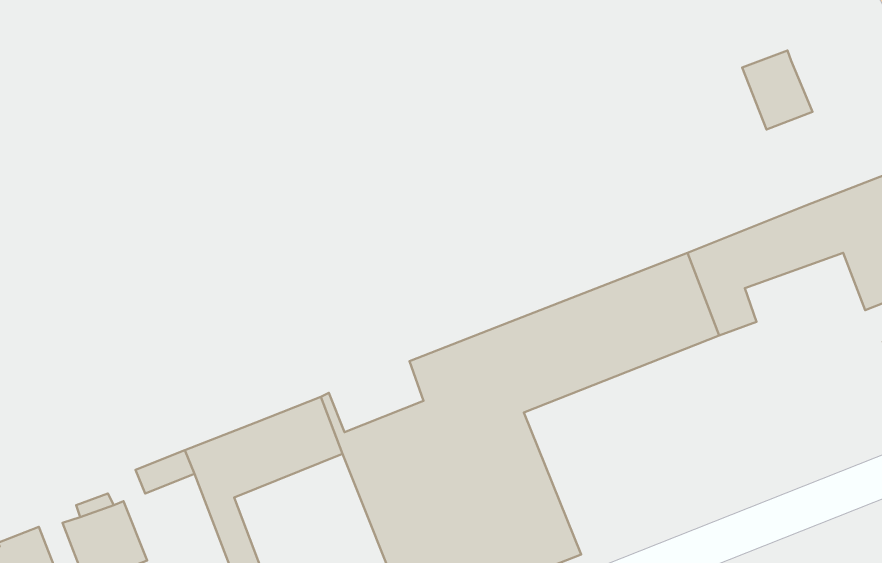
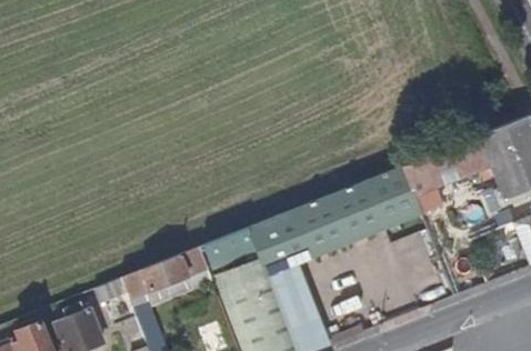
building: [742,51,813,130] -> none
building: none -> [203,228,257,268]

